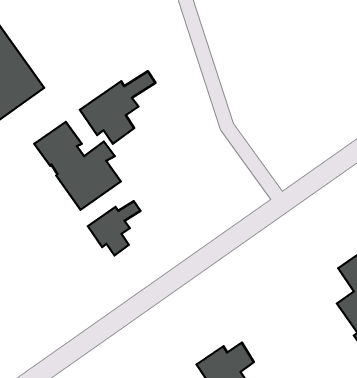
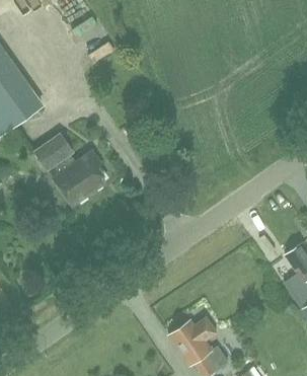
building: [80,71,155,144] -> none
building: [88,201,140,255] -> none

